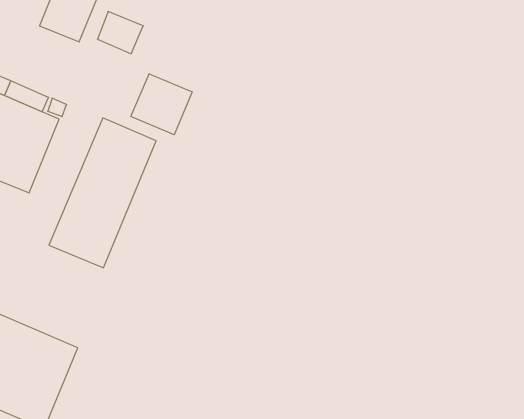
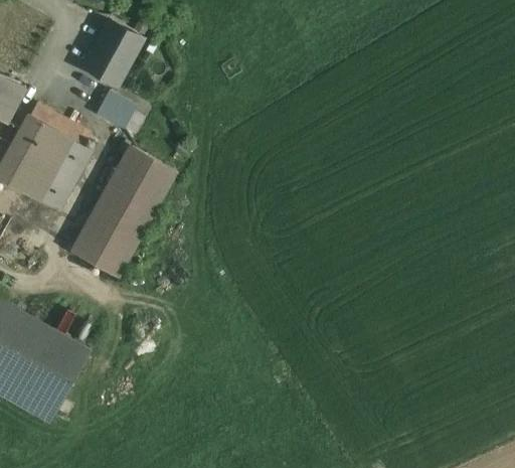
building: [97,11,143,54] -> [96,88,137,127]
building: [131,74,192,135] -> none

